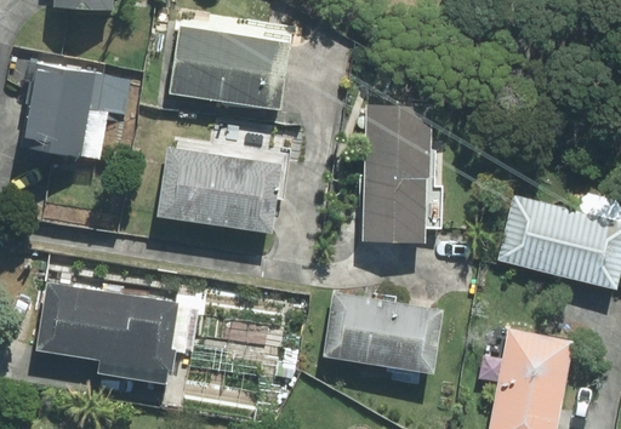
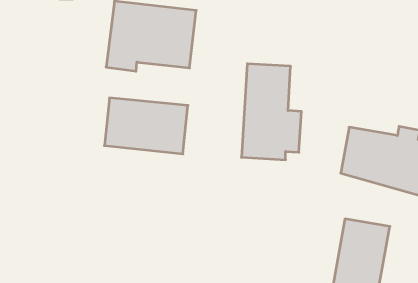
building: [17,62,107,161] -> none
building: [35,286,181,383] -> none
building: [325,294,441,371] -> none

